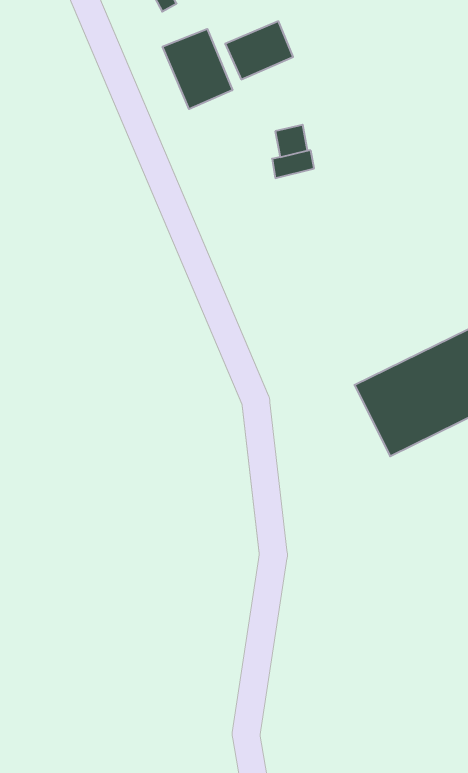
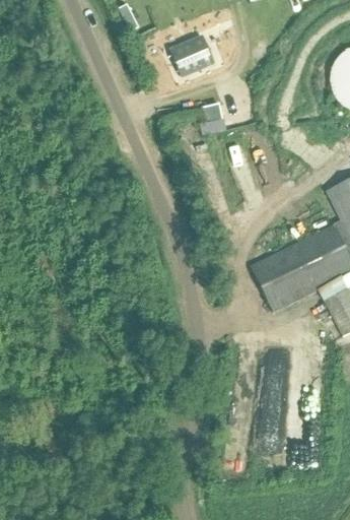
building: [163,29,232,109] -> none

